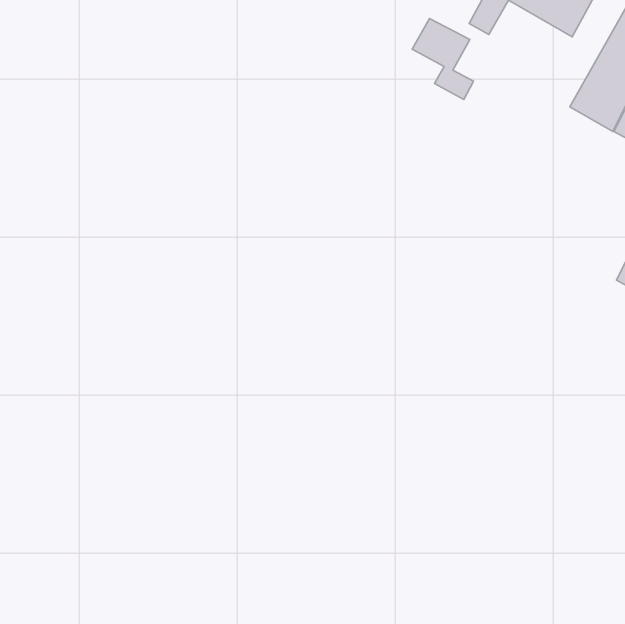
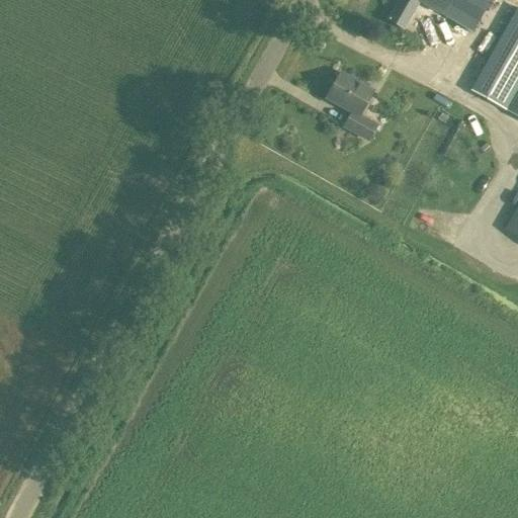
building: [412,18,474,100] -> [328,72,378,139]

